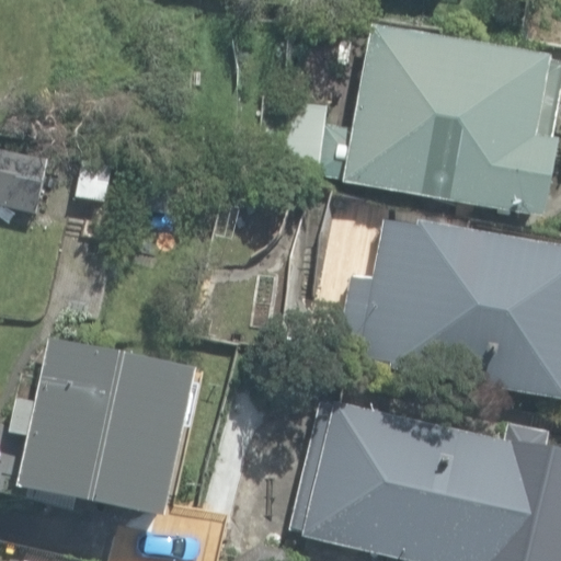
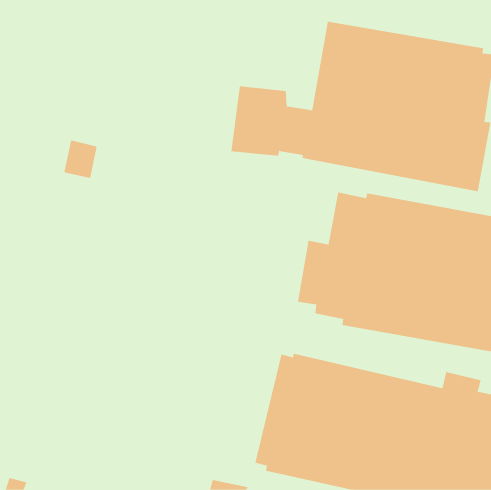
building: [10,335,199,519] -> none

